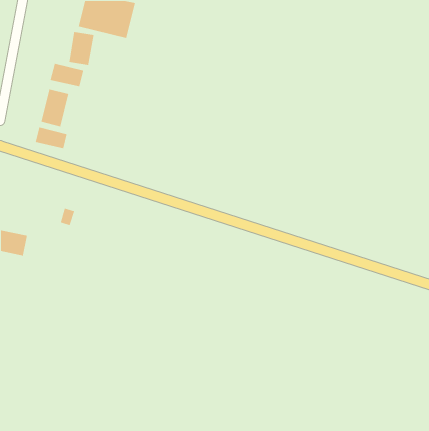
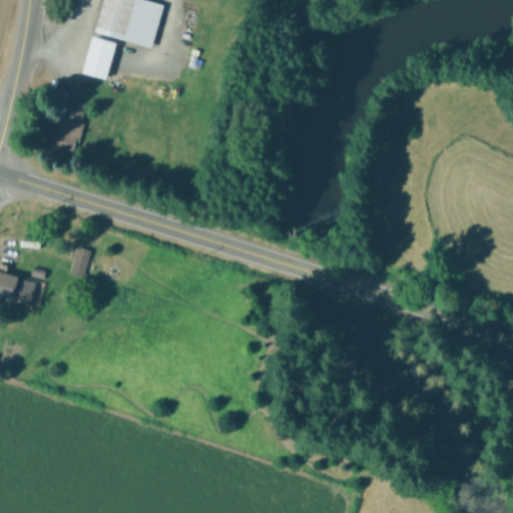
building: [50,63,84,87] -> none
building: [35,127,68,149] -> none

